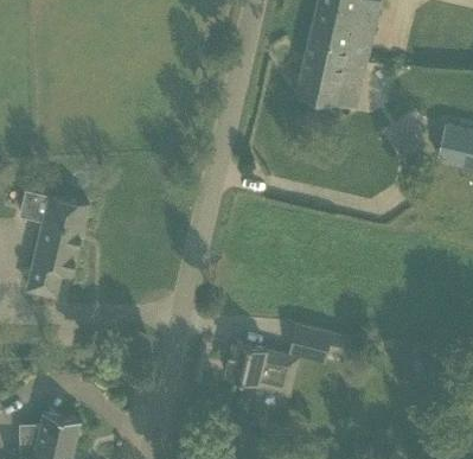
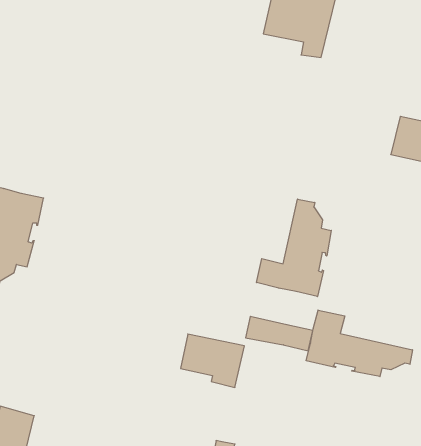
building: [295,40,366,109] -> none
building: none -> [257,199,331,297]
building: none -> [306,310,412,377]

